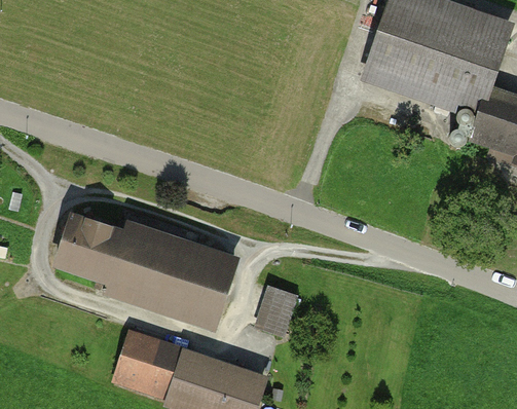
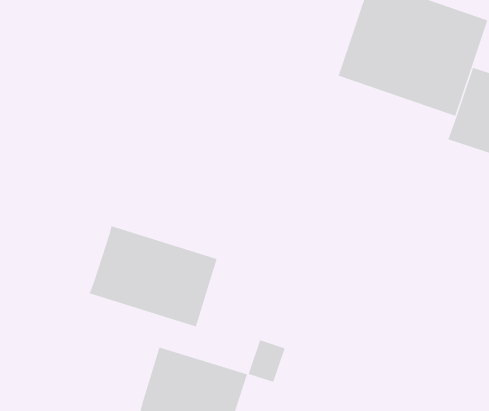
building: [62,216,132,282] -> none
building: [261,289,298,331] -> [248,340,285,383]
building: [115,330,181,399] -> none

